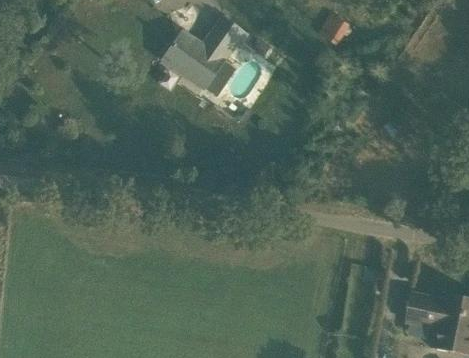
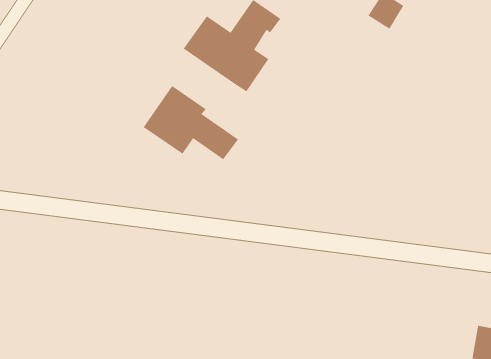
building: none -> [143,85,239,160]

